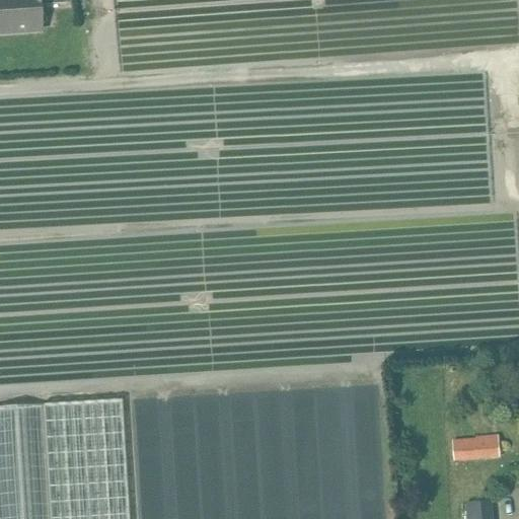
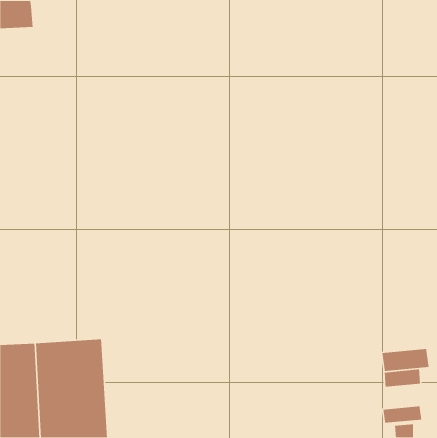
building: none -> [381,348,430,372]
building: none -> [382,405,422,424]

